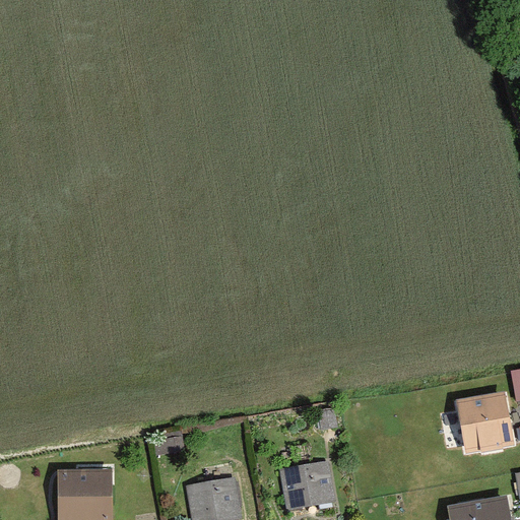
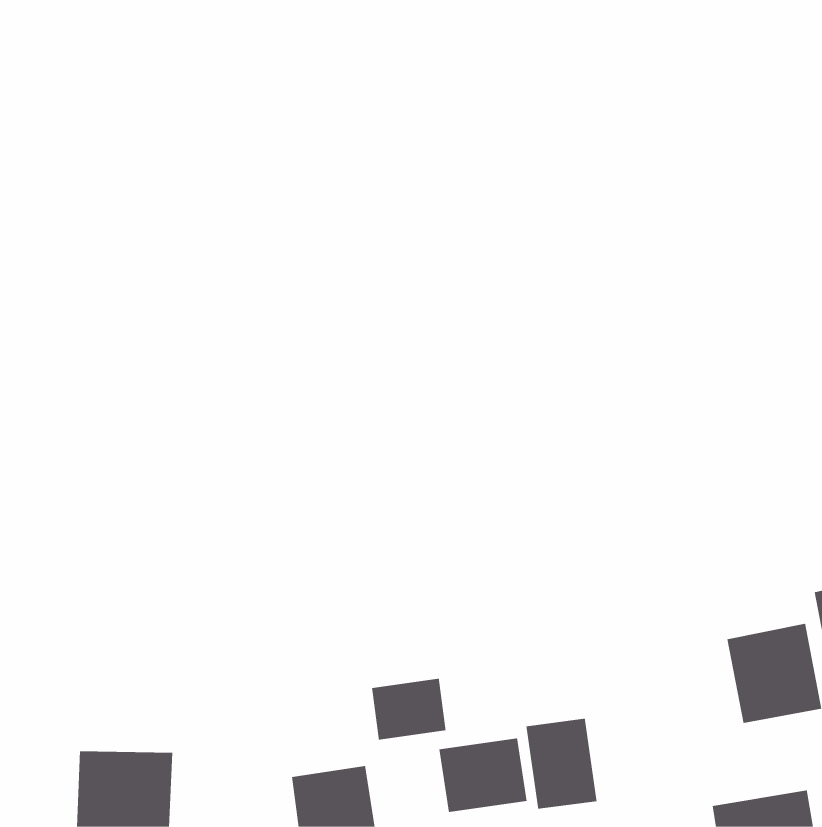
building: none -> [372,678,446,740]
building: none -> [526,718,597,809]

